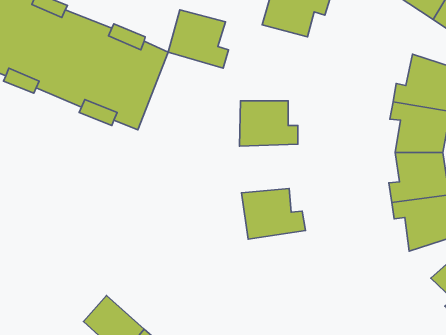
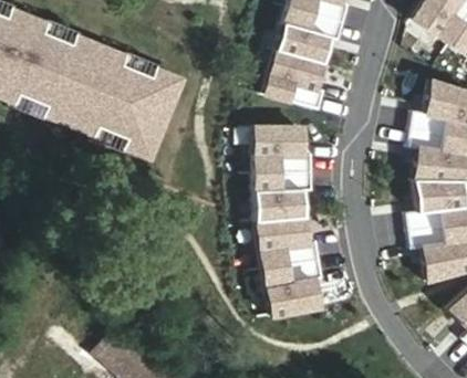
building: [168,10,229,68] -> [264,50,326,109]
building: none -> [253,171,314,221]
building: none -> [262,260,324,315]

